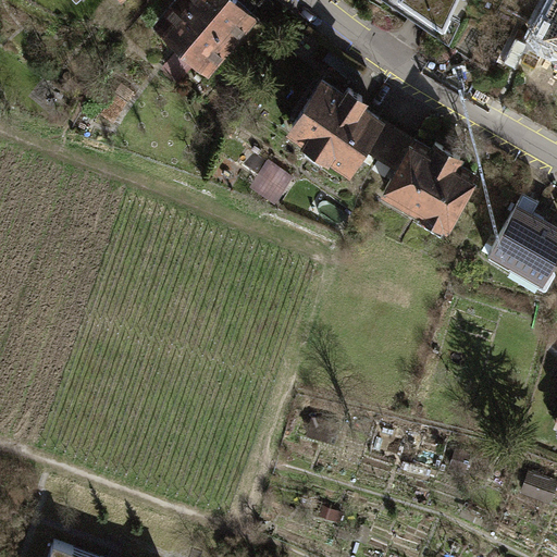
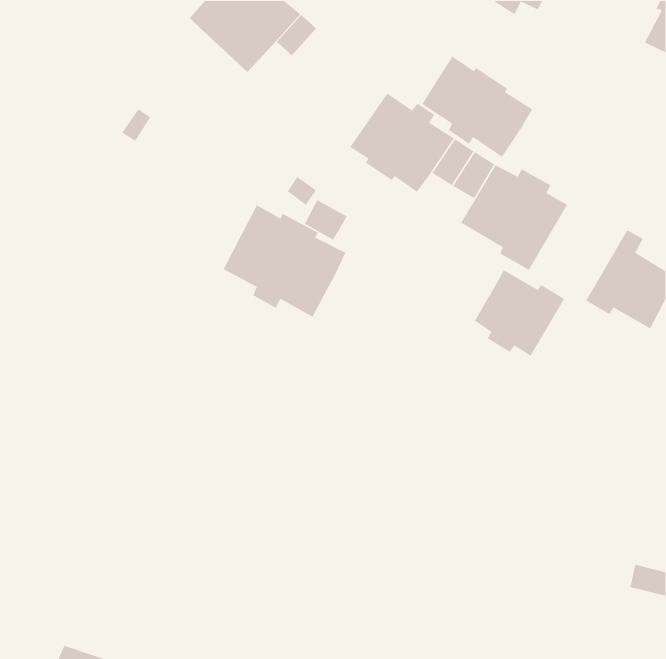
building: none -> [421,56,533,158]
building: none -> [223,204,347,318]
building: none -> [474,269,565,357]

